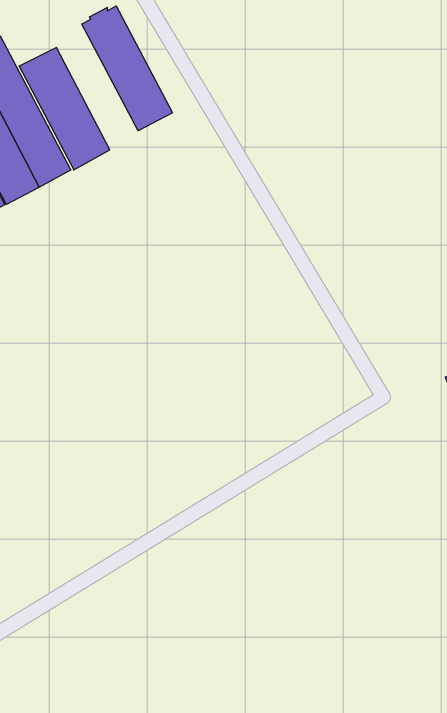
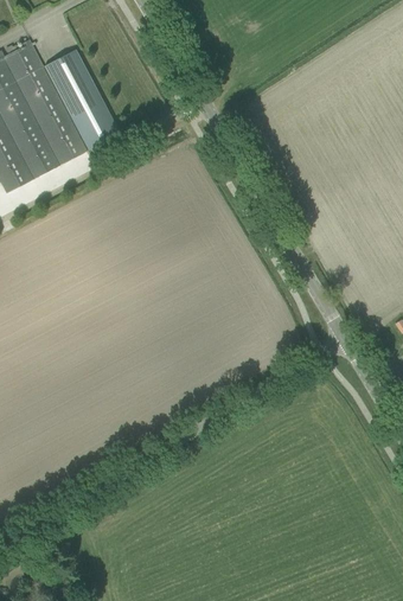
building: [82,6,172,131] -> none

